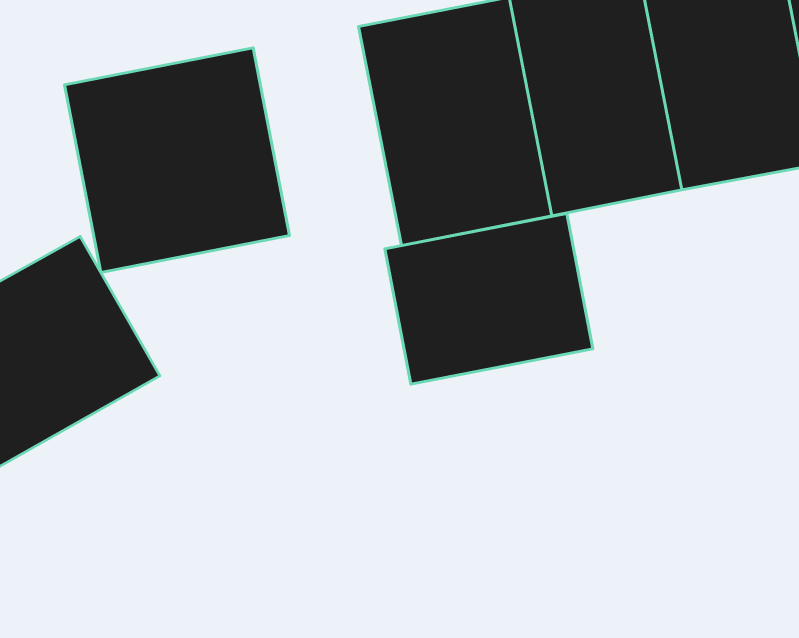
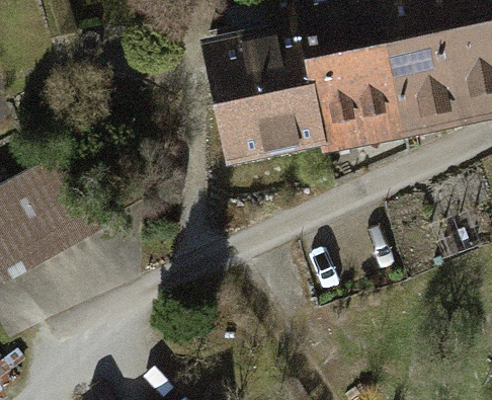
building: [64,48,290,272] -> none
building: [385,213,593,384] -> none

